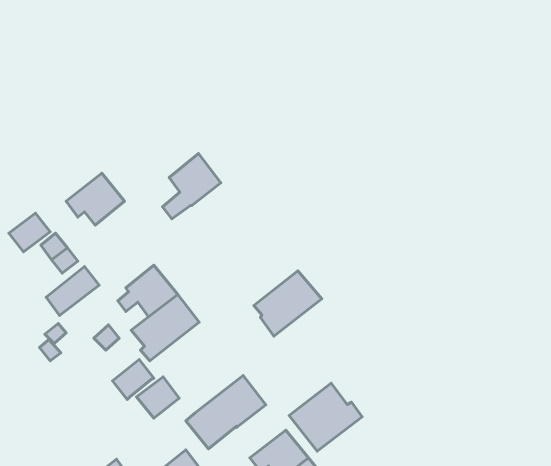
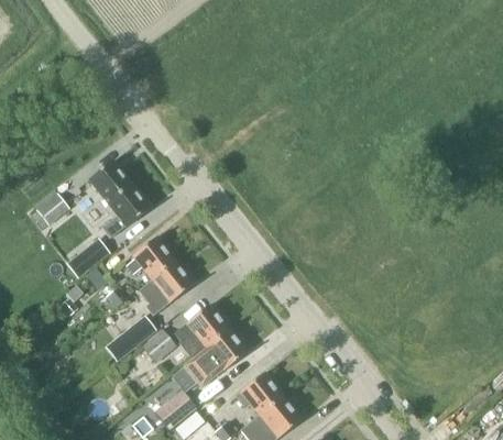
building: [162,154,221,219] -> [103,183,152,237]
building: [254,271,322,336] -> [175,304,231,358]
building: [289,383,362,451] -> none

